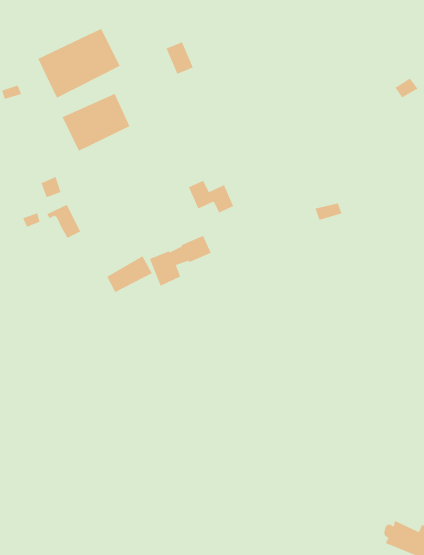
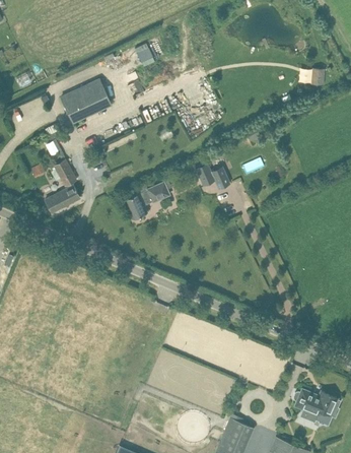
building: [37,28,121,99] -> none
building: [188,180,234,214] -> [196,165,229,189]
building: [106,255,153,293] -> [46,186,79,213]

